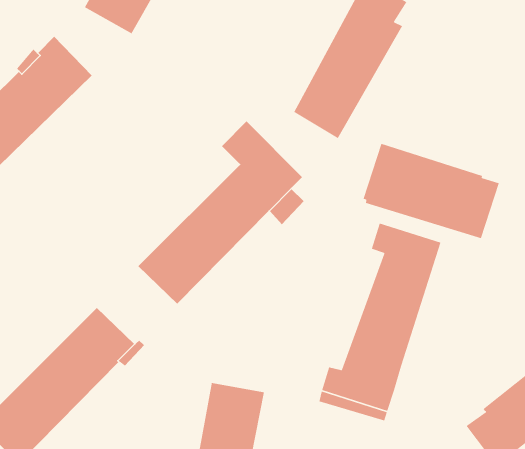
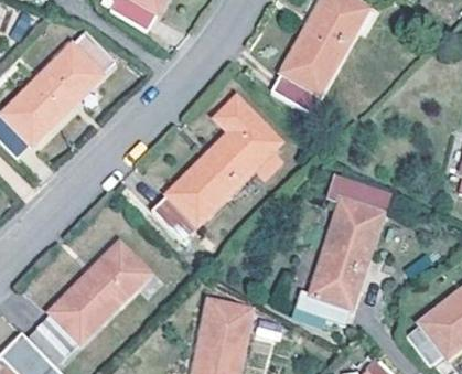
building: [363,143,500,239] -> none

